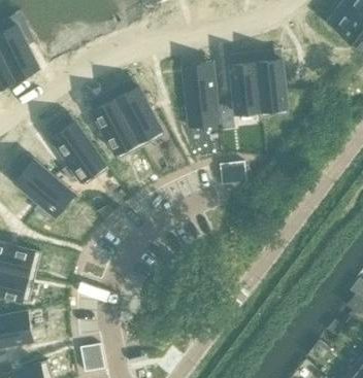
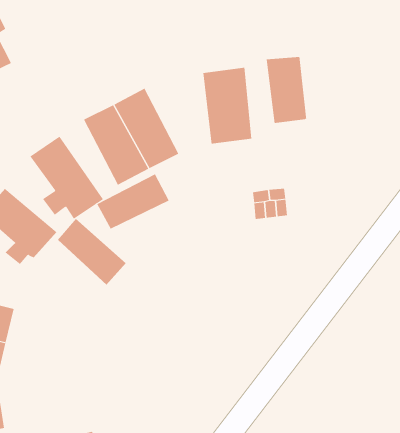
building: [256,60,288,117] -> none
building: none -> [97,173,169,230]
building: none -> [57,218,126,286]

